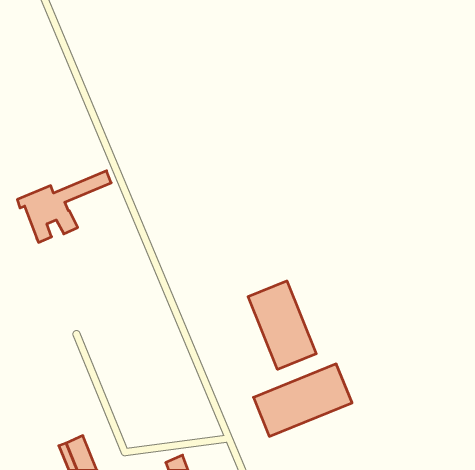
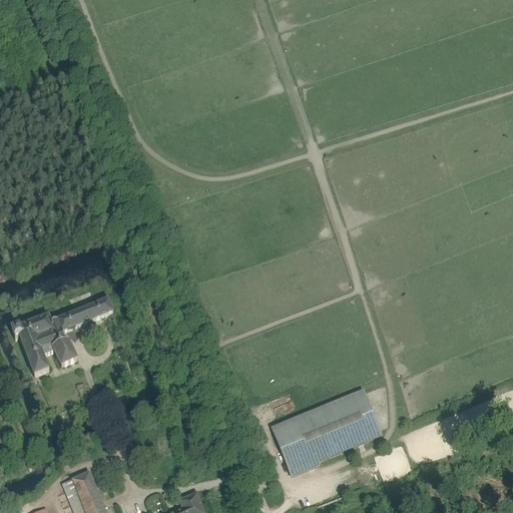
building: [17,171,111,242] -> [11,297,112,374]
building: [248,281,316,369] -> none

